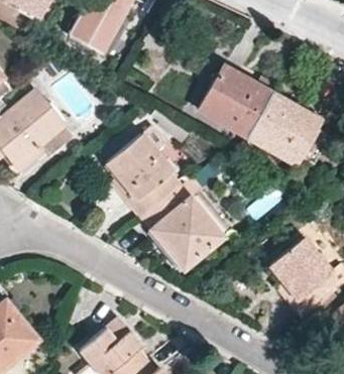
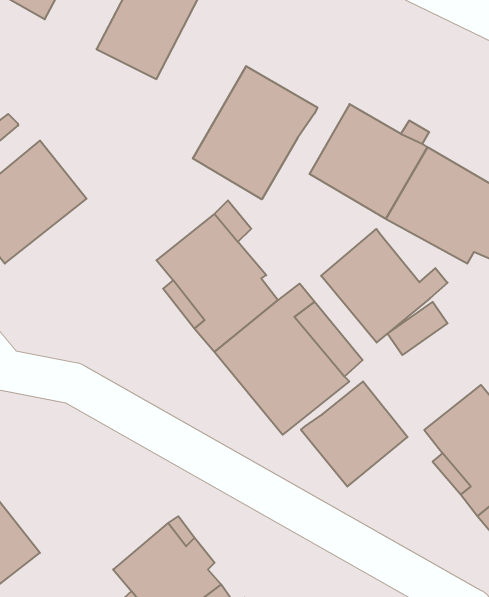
building: none -> [193,66,317,199]
building: none -> [321,229,448,343]
building: none -> [301,381,408,487]

